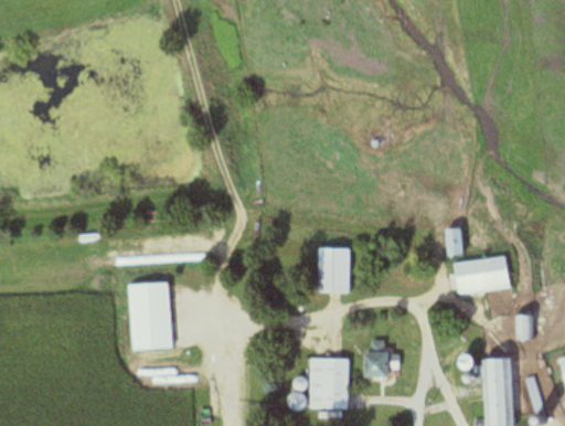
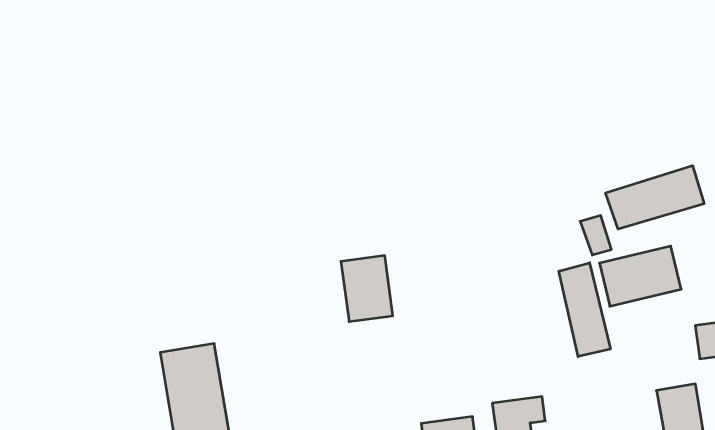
building: none -> [606,166,704,229]
building: [319,248,351,292] -> [341,256,393,322]
building: none -> [559,263,610,357]

